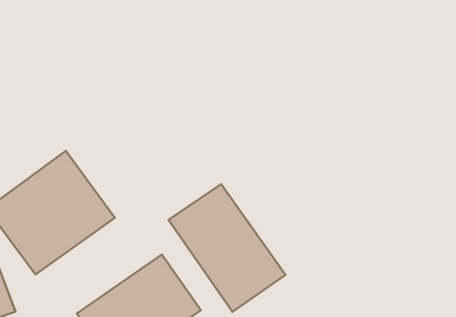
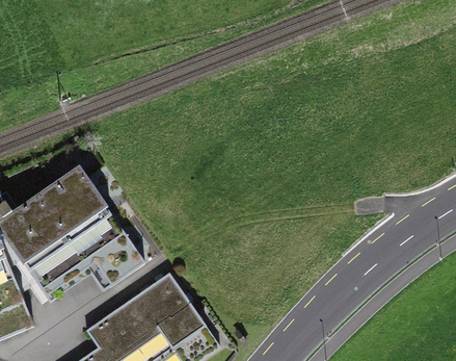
building: [168,184,286,312] -> none

